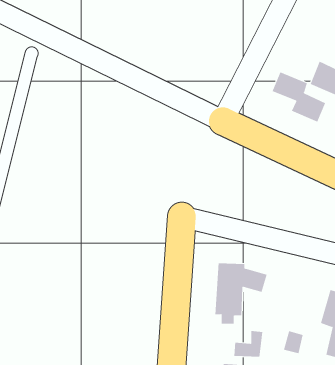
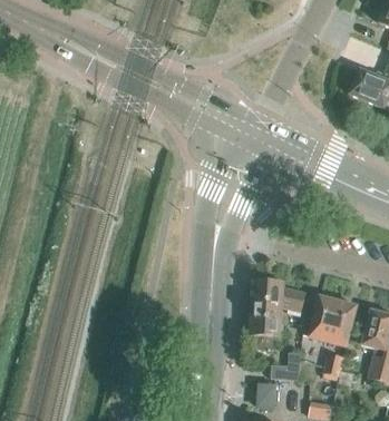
building: [272,72,326,123] -> none
building: none -> [308,295,356,345]

